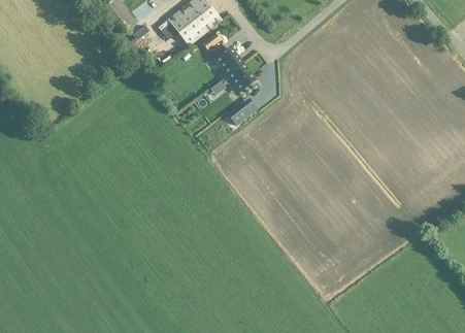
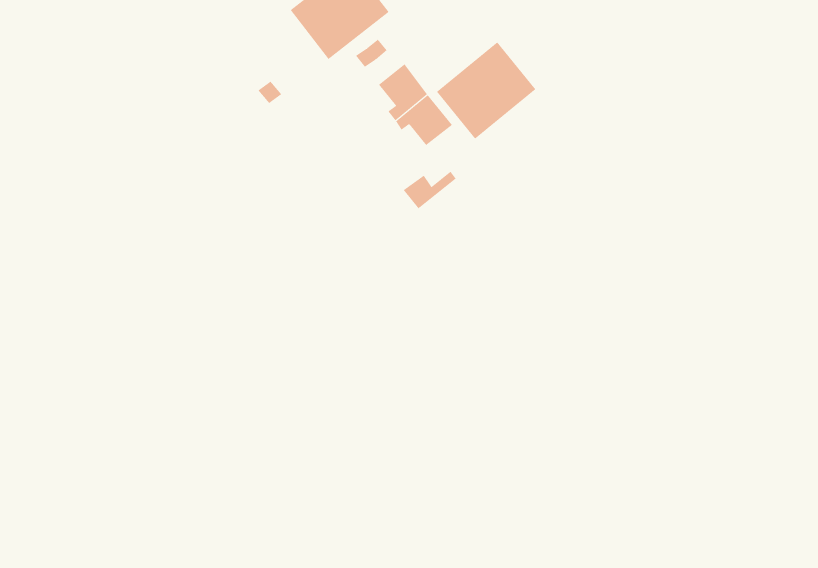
building: none -> [436,42,536,140]

